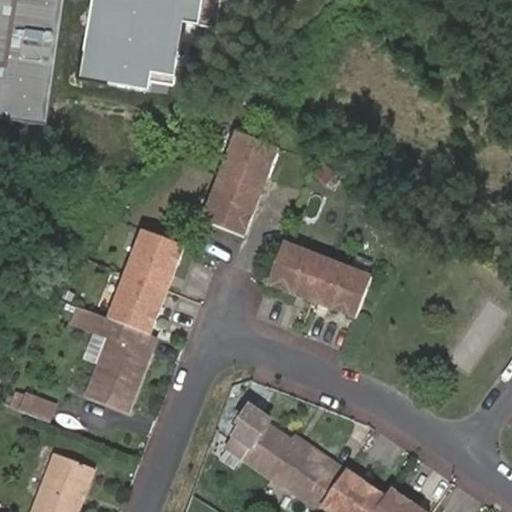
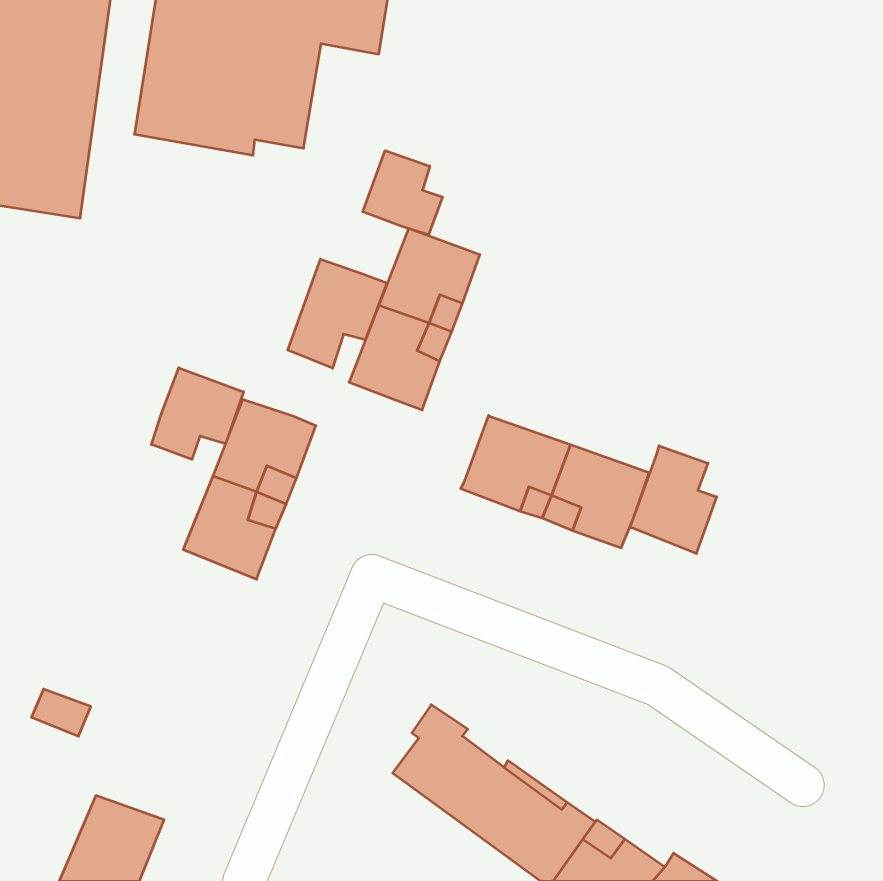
building: none -> [363,151,442,235]
building: none -> [288,259,387,368]
building: none -> [151,368,244,459]
building: none -> [630,446,717,554]
building: [81,309,157,410] -> none

